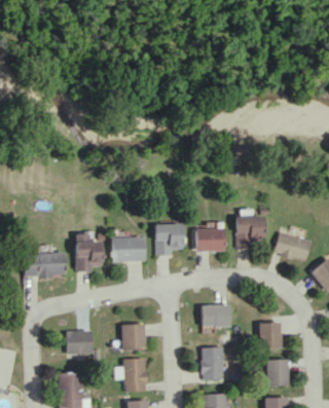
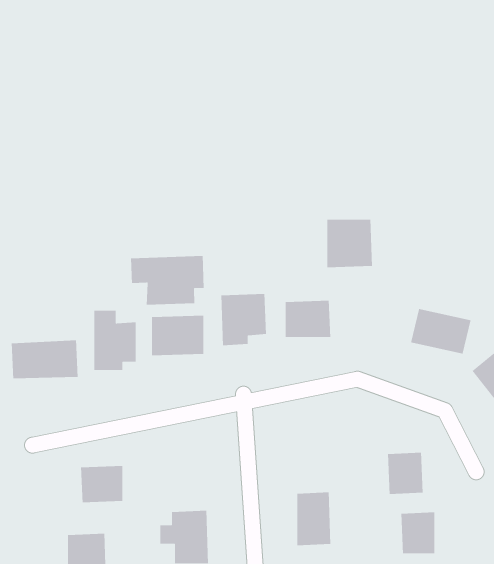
building: none -> [130,255,205,306]
building: [234,216,263,247] -> [327,219,373,268]
building: [200,304,229,327] -> none
building: [121,324,146,350] -> none

